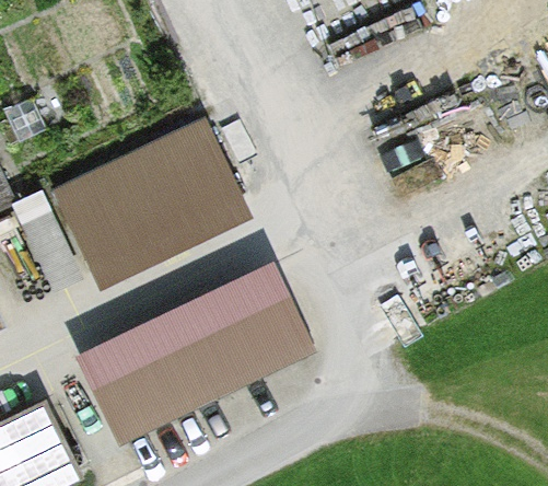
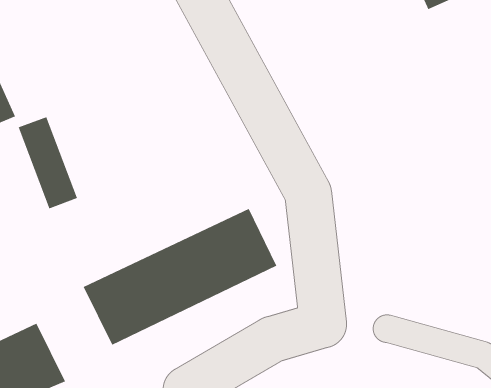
building: [61,125,236,264] -> none

